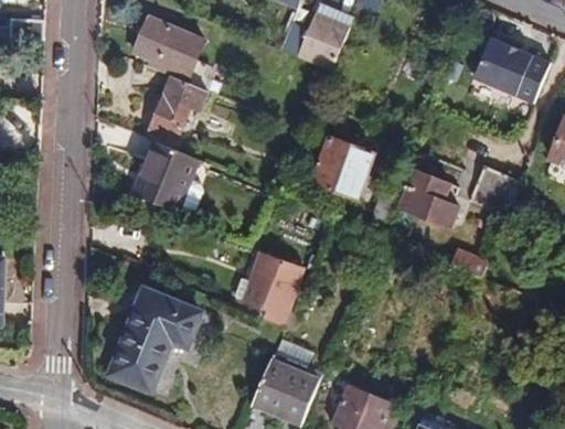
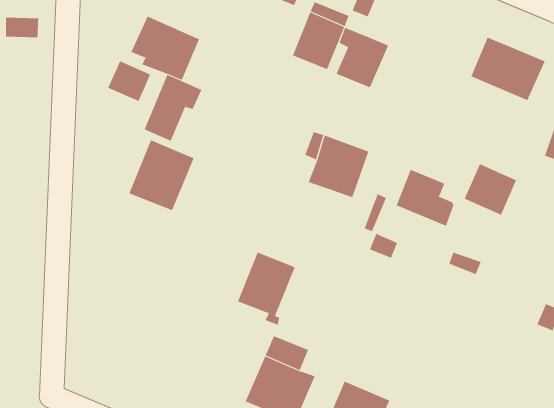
building: none -> [336,27,389,88]
building: none -> [108,61,151,102]
building: [108,289,201,393] -> none

